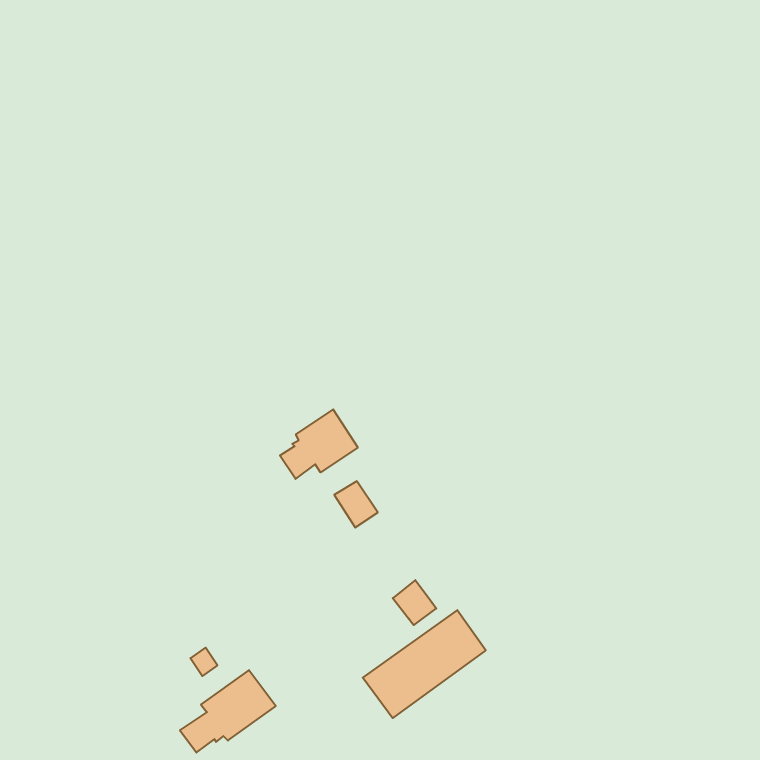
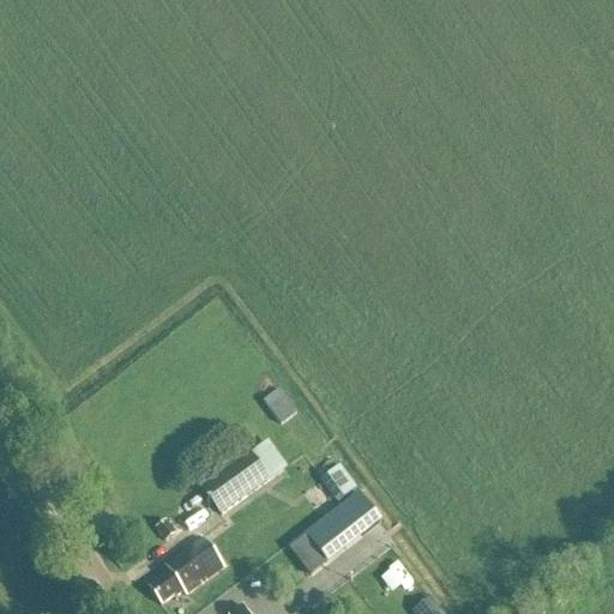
building: [280,409,358,479] -> none
building: none -> [198,451,265,512]

